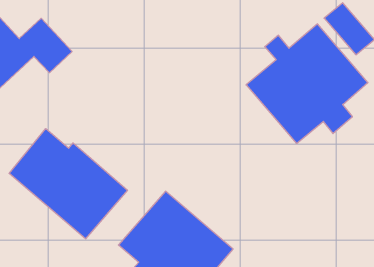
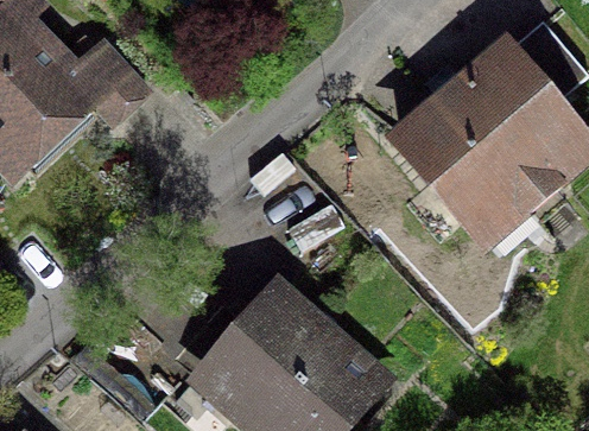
building: [9,129,127,239] -> none

